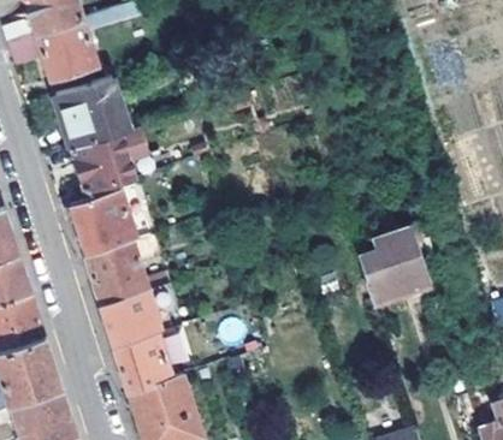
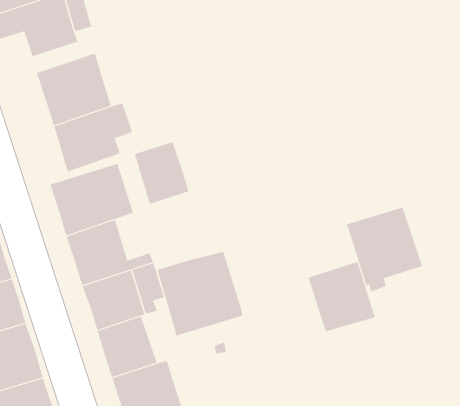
building: none -> [134,141,189,204]
building: none -> [157,251,243,337]
building: none -> [308,261,375,332]

